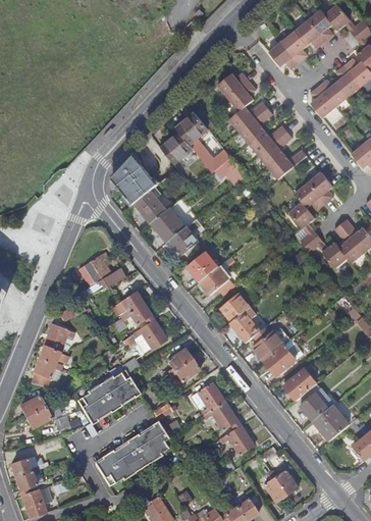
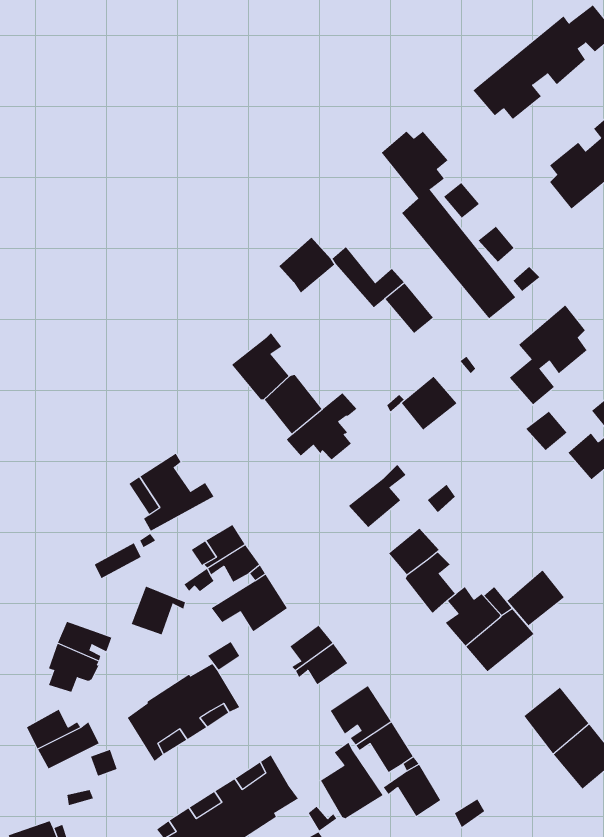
building: [175,112,207,145] -> none
building: [111,149,157,205] -> none
building: [187,252,218,282] -> [401,376,457,431]
building: [42,325,72,353] -> [131,586,186,635]
building: [284,368,317,400] -> [506,570,565,626]
building: none -> [320,742,383,819]

